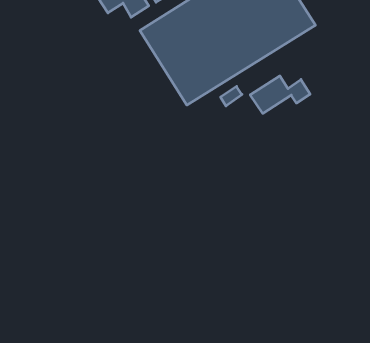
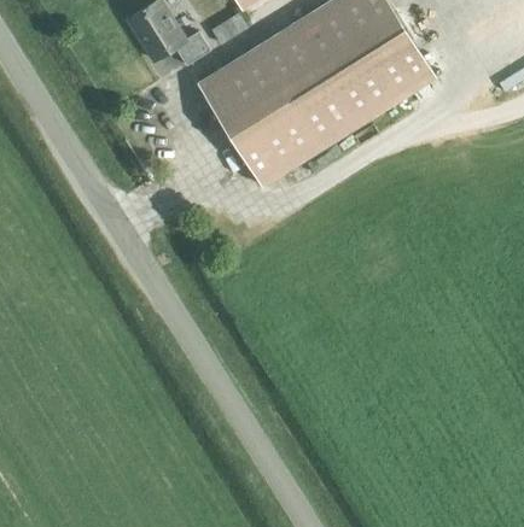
building: [250,76,310,113] -> none

